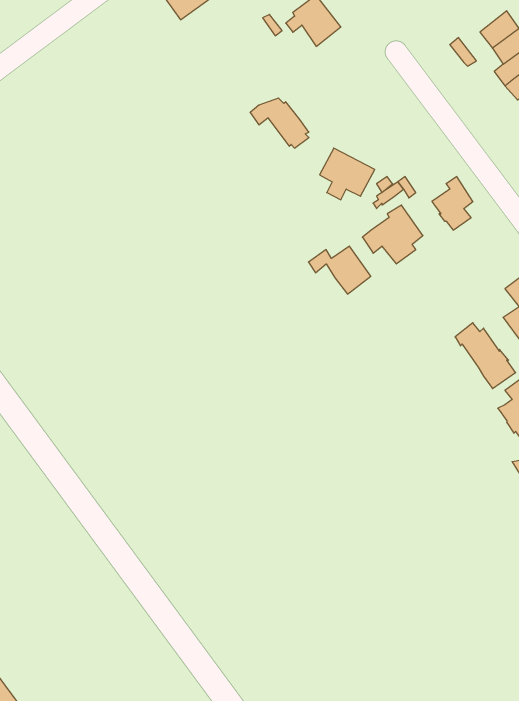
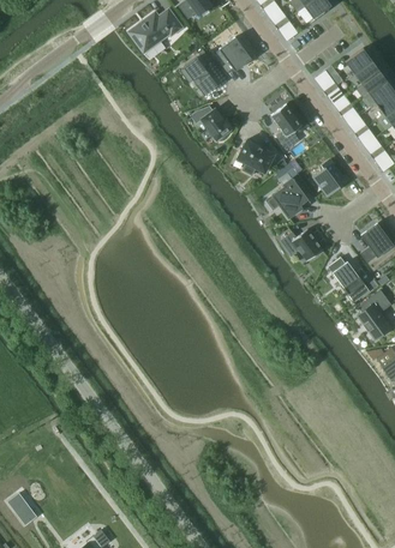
building: none -> [180,58,219,96]
building: none -> [271,104,303,150]
building: [308,246,371,294] -> [281,229,323,261]

